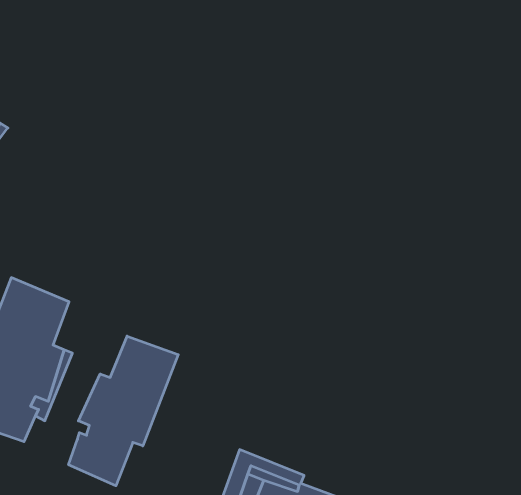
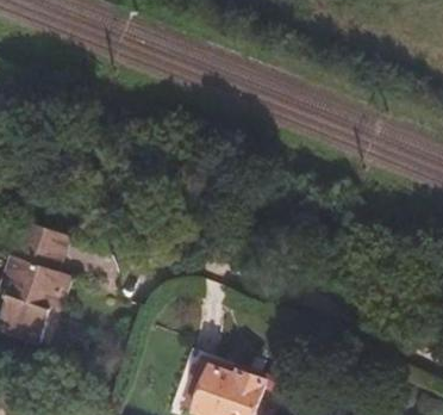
building: [69,336,178,486] -> none

